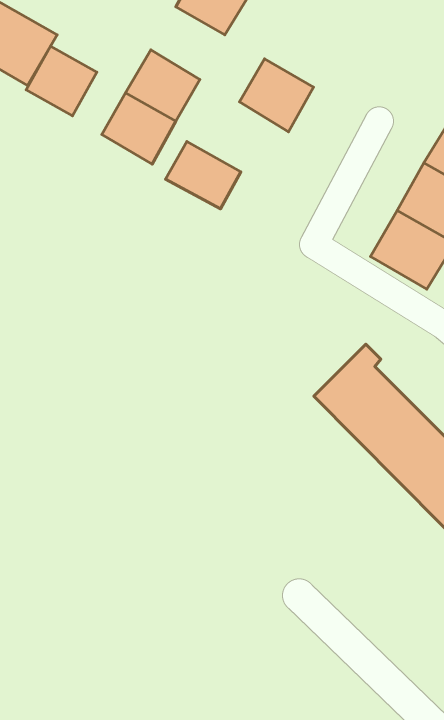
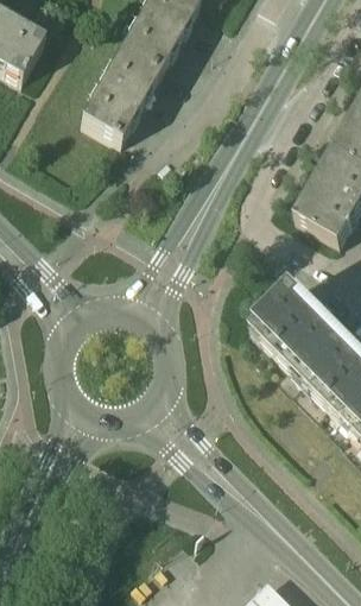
building: [26,46,97,116] -> none
building: [239,59,314,132] -> [122,12,182,70]
building: [165,142,241,209] -> none

